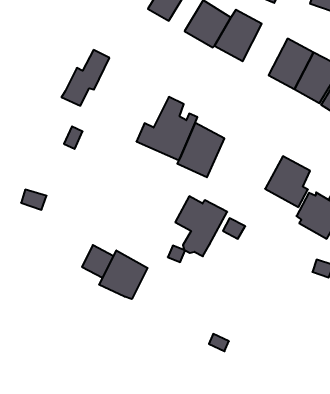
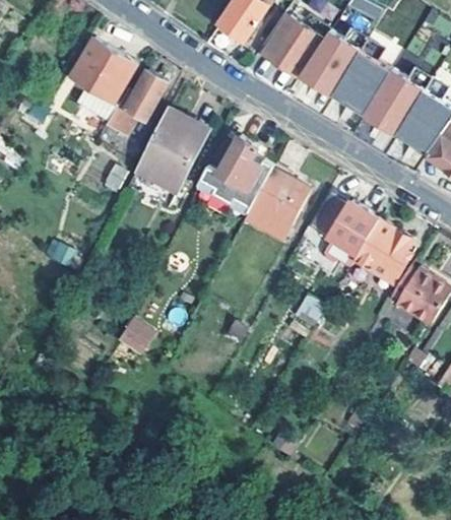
building: none -> [334,50,392,115]
building: none -> [71,39,137,121]
building: none -> [133,116,202,198]
building: [175,196,227,256] -> [312,195,378,271]
building: [99,250,148,299] -> none

